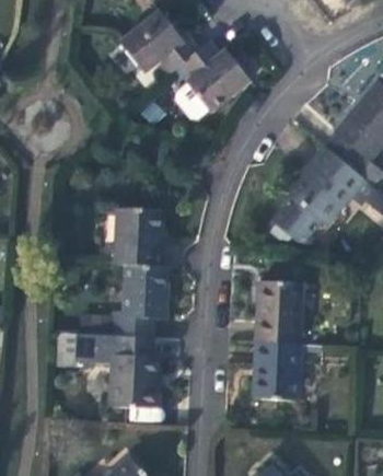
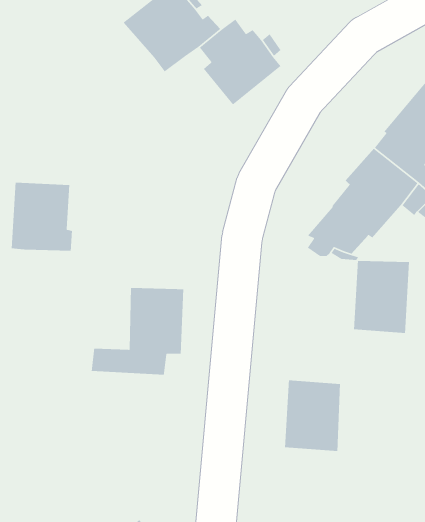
building: [113,208,164,266] -> [11,182,73,252]
building: [255,283,302,345] -> [353,260,410,334]
building: [78,334,161,409] -> none

